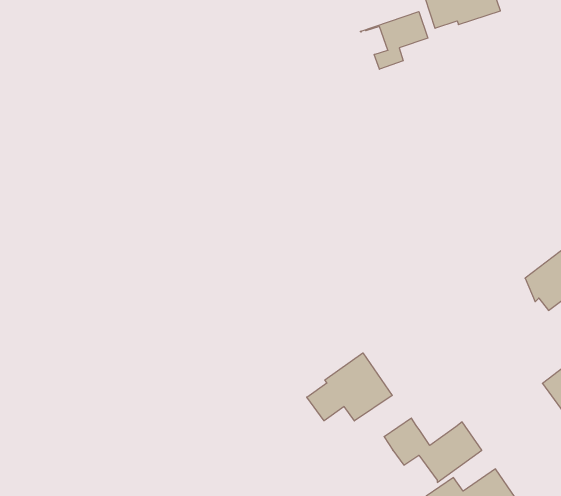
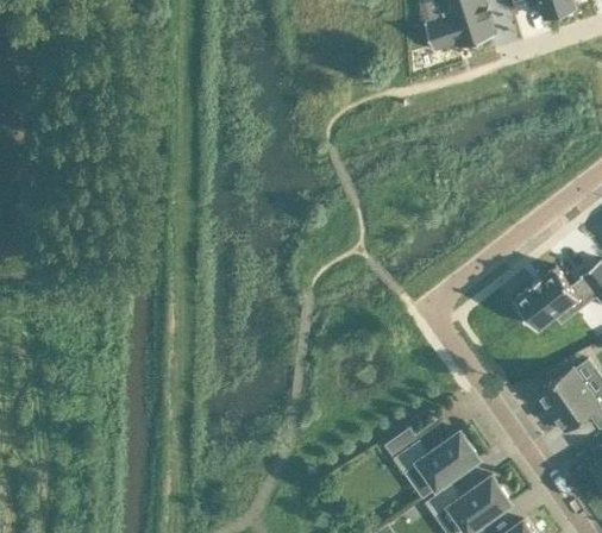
building: [360,12,428,69] -> none
building: [307,353,392,421] -> none

